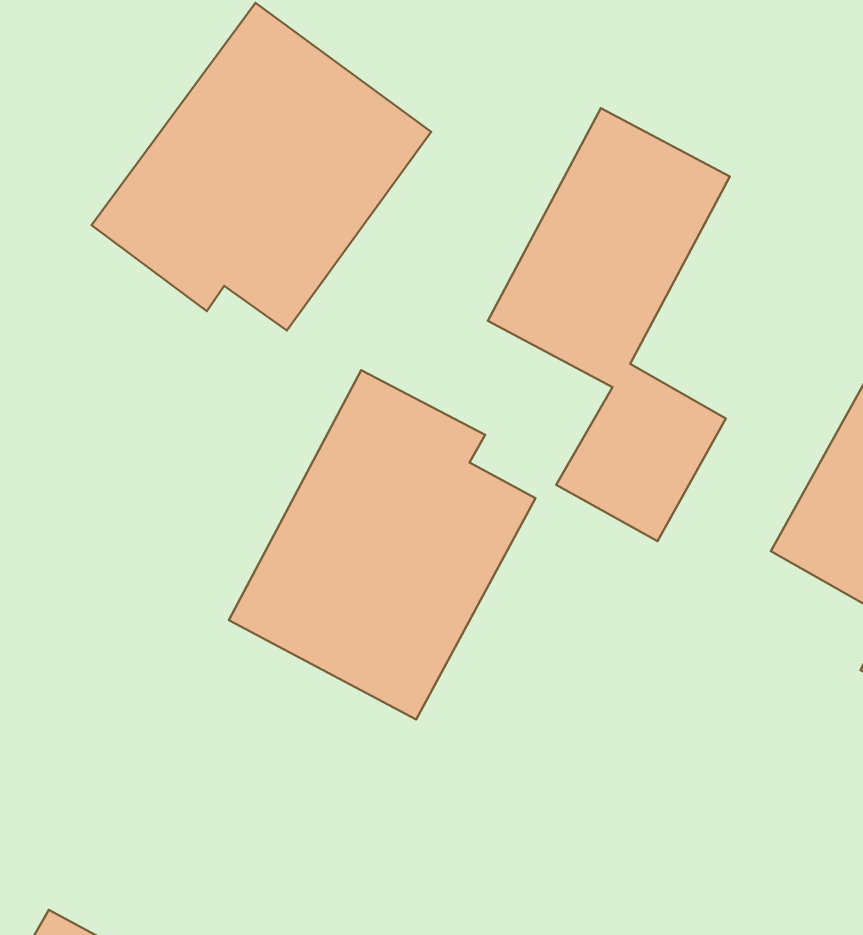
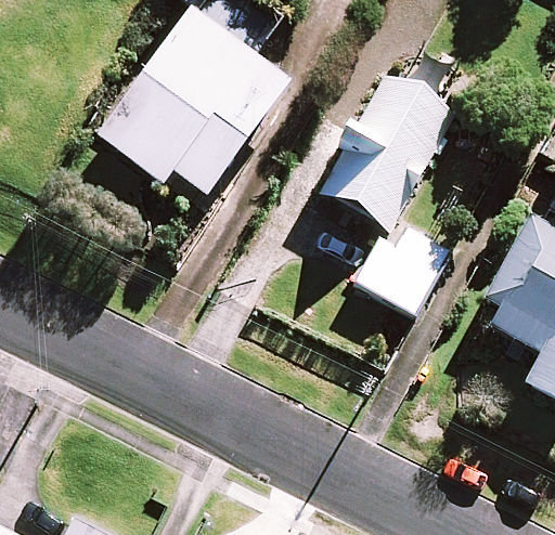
building: [229,370,535,720] -> none

